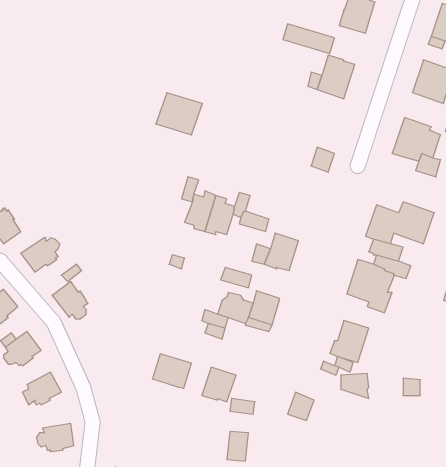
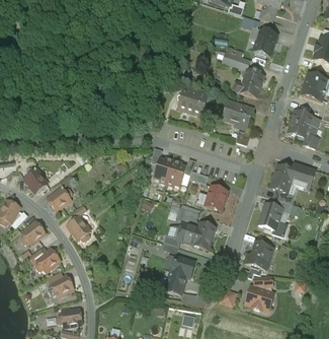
building: [156,93,203,135] -> [177,87,208,115]
building: none -> [222,100,252,129]
building: [152,354,191,388] -> [170,256,195,278]
building: none -> [245,286,273,311]

